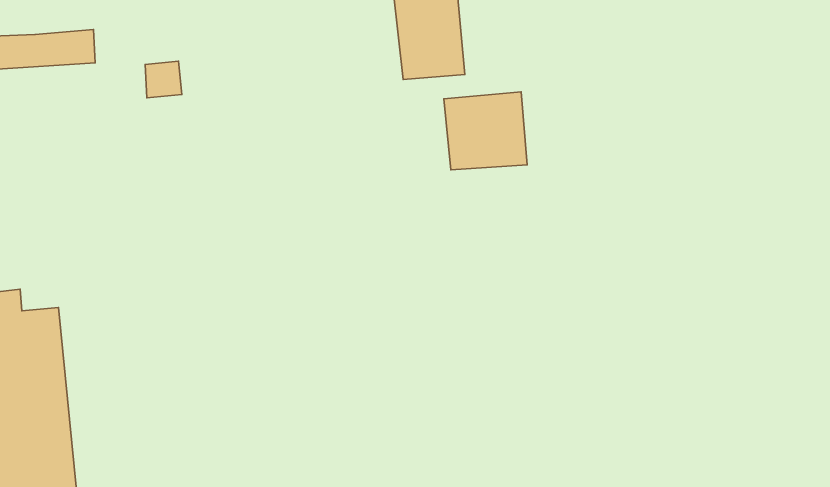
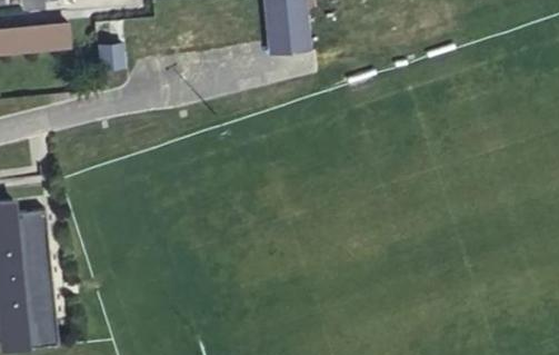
building: [444,92,527,170] -> none

